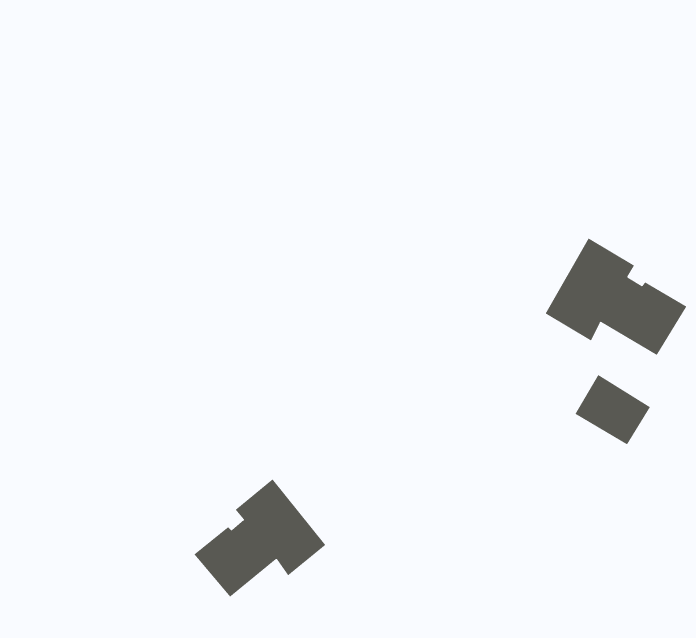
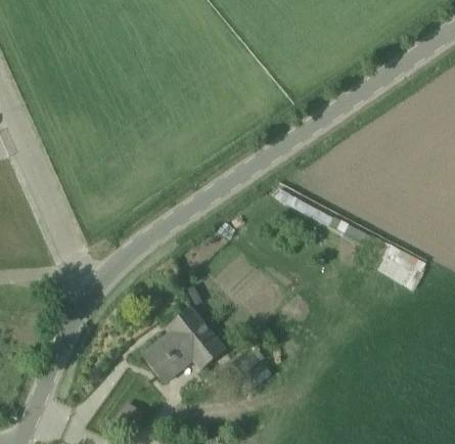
building: [545,238,687,356] -> none

